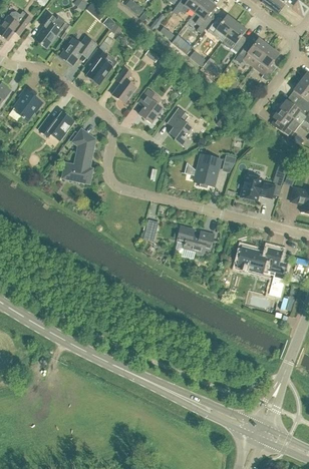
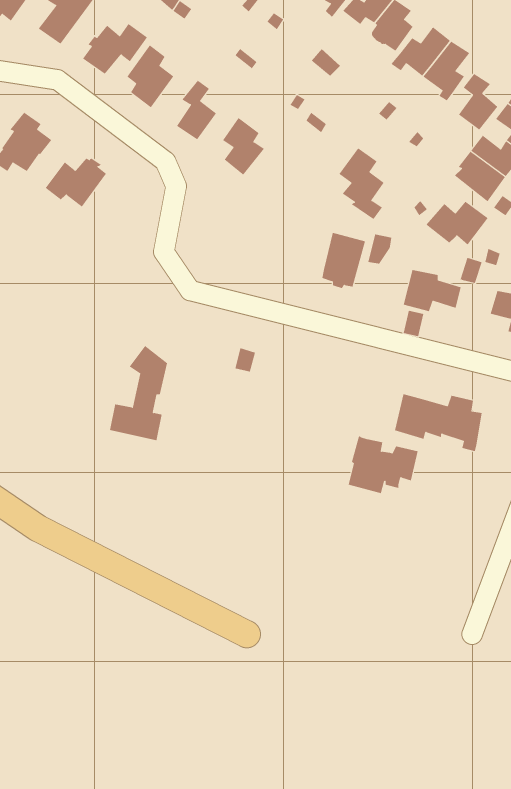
building: none -> [458,73,498,130]
building: [167,106,193,147] -> [338,147,384,220]
building: [61,128,94,182] -> [109,345,168,441]
building: none -> [426,201,488,246]
building: [174,223,214,257] -> [348,435,419,494]

